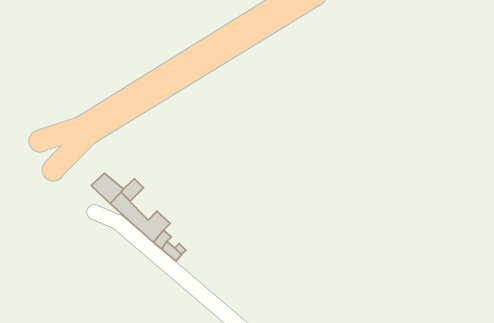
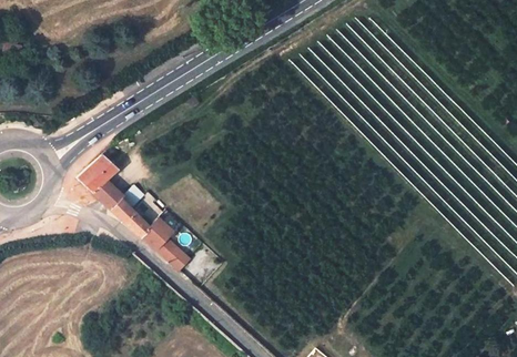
building: none -> [78,154,119,191]

